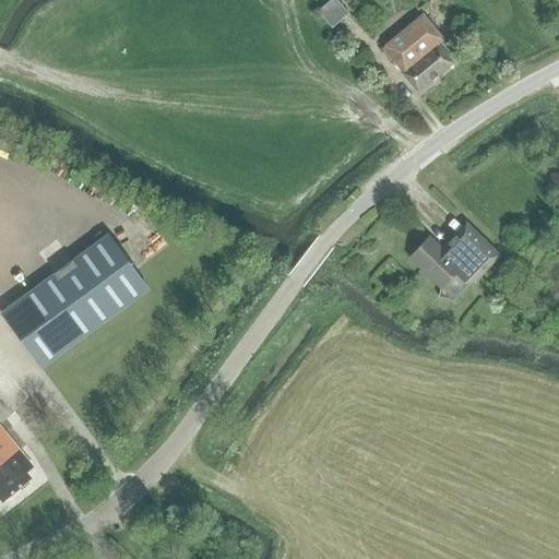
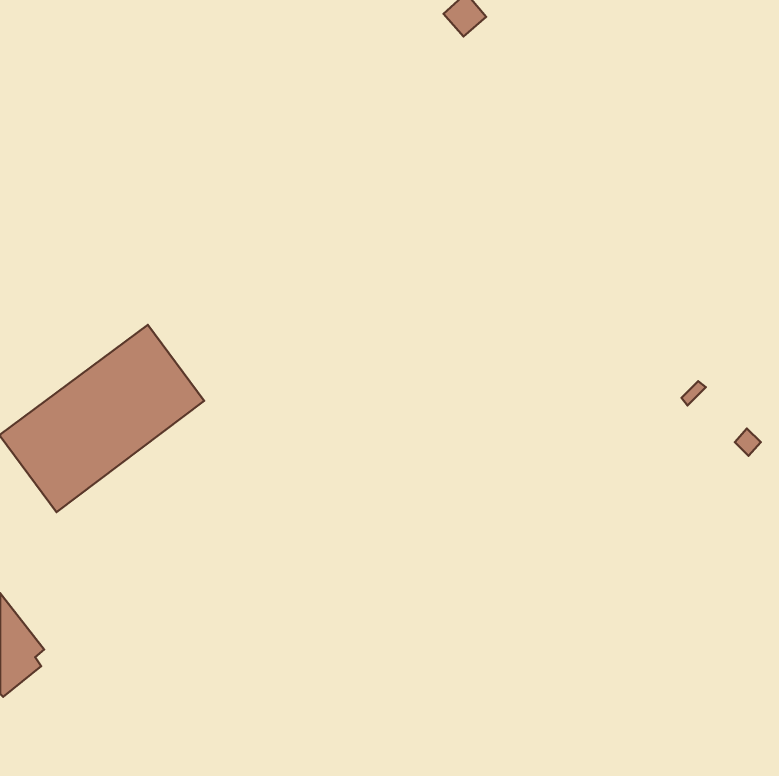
building: [383,13,453,91] -> none
building: [409,221,500,299] -> none

